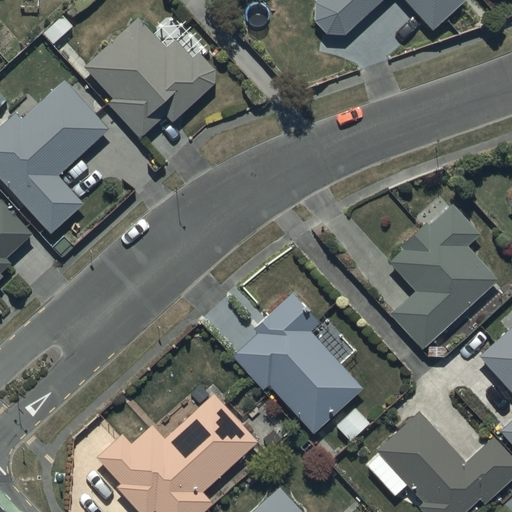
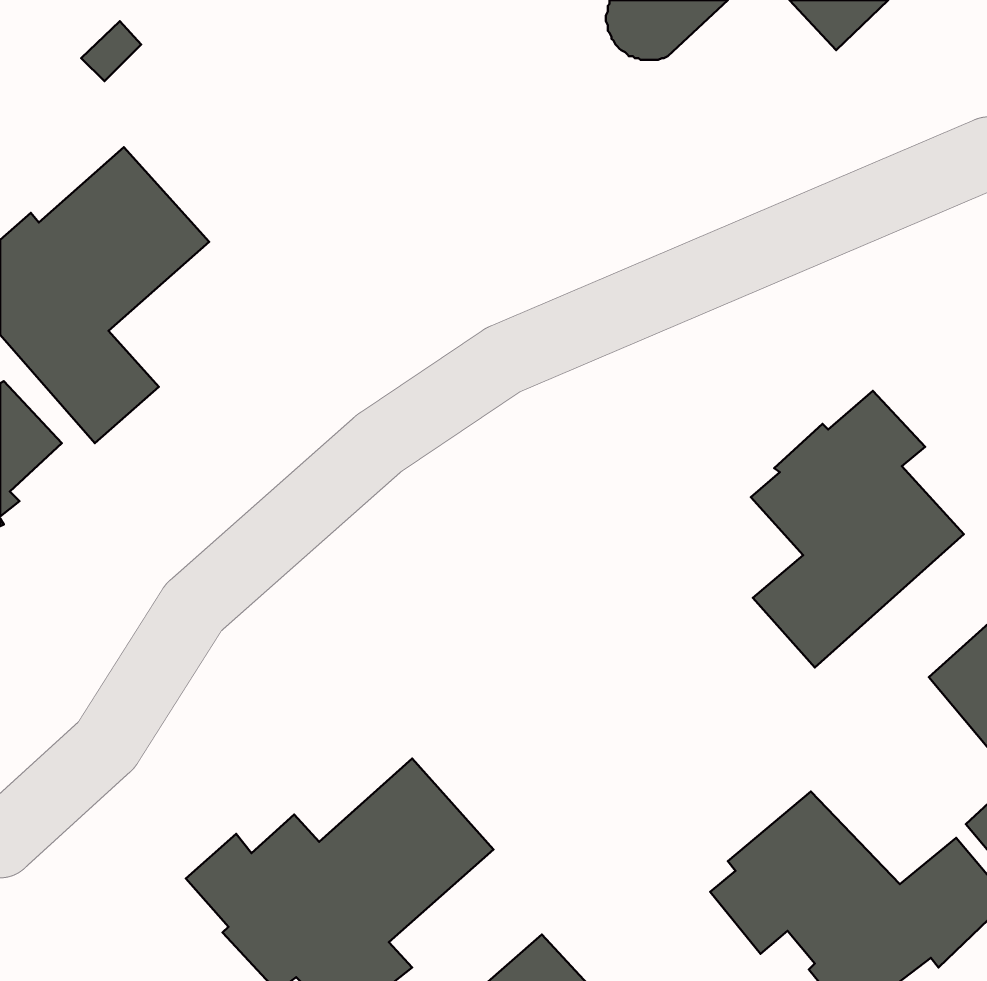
building: [85,16,215,138] -> none
building: [233,292,363,434] -> none

